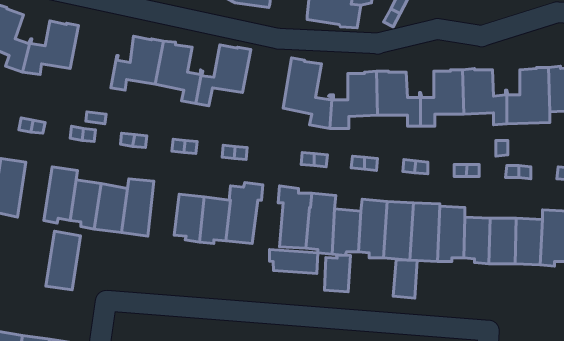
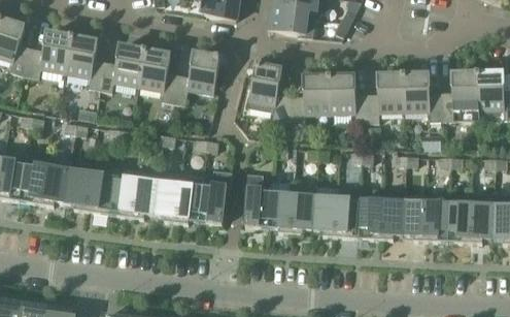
building: none -> [65,36,105,90]
building: none -> [132,170,160,219]
building: [46,231,81,290] -> [20,154,49,204]
building: [269,249,318,274] -> none
building: [324,255,350,292] -> none
building: [393,260,417,298] -> none

